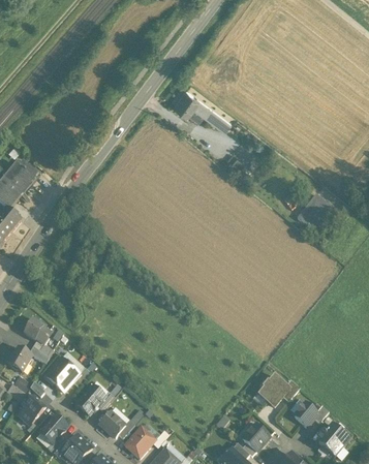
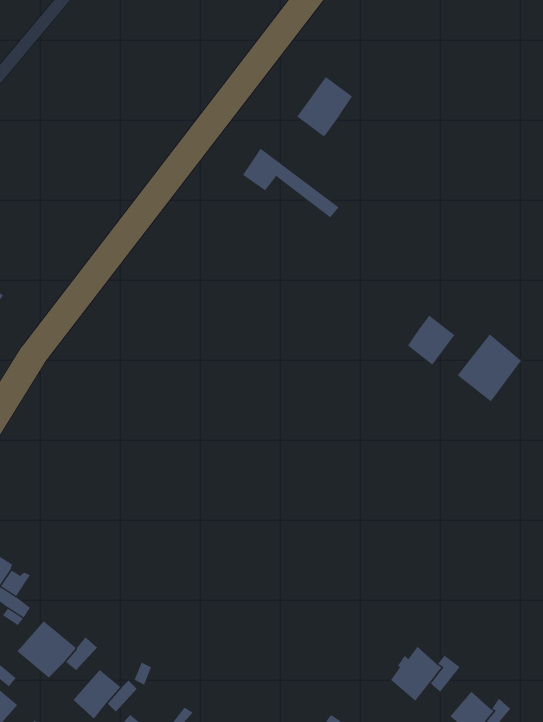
building: none -> [297,76,353,137]
building: none -> [407,315,455,365]

